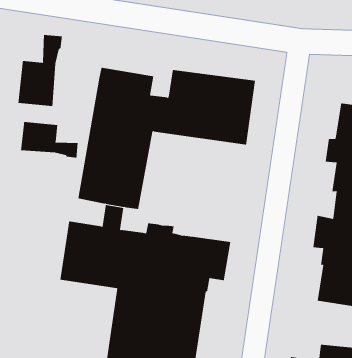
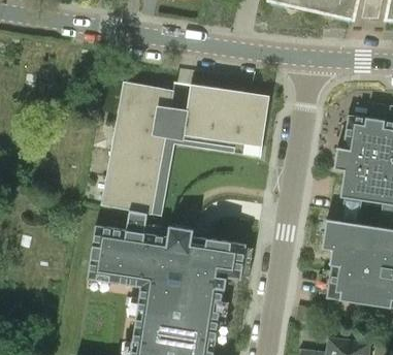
building: [18,34,62,107] -> none
building: [21,121,78,159] -> none

